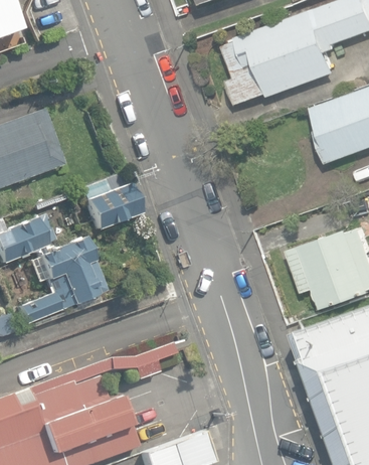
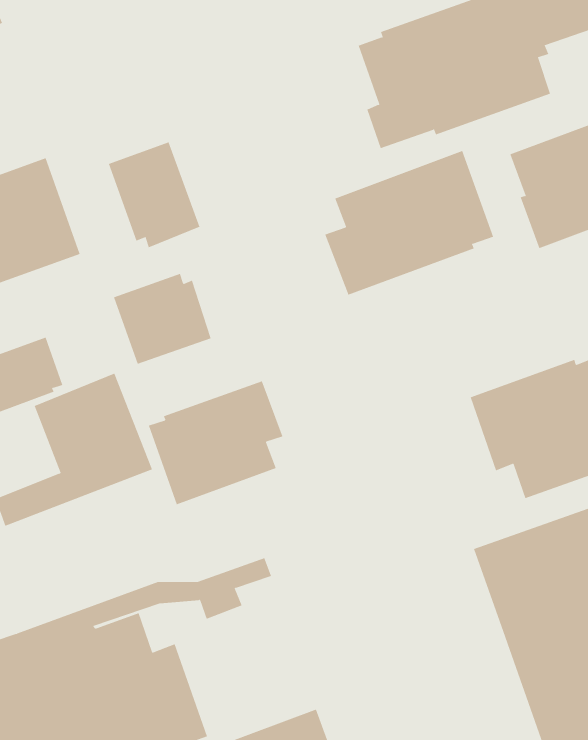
building: none -> [108,142,200,248]
building: none -> [324,150,494,296]
building: none -> [148,380,283,505]

